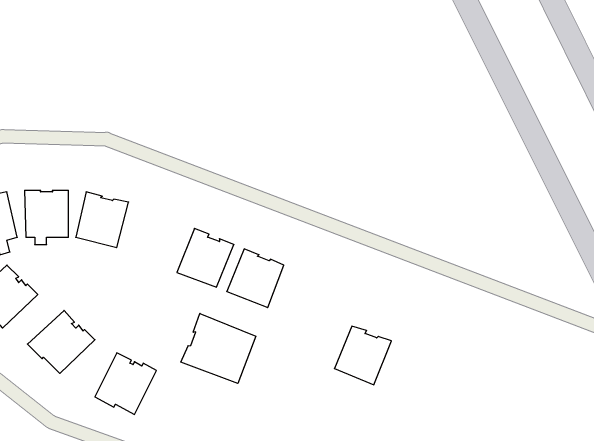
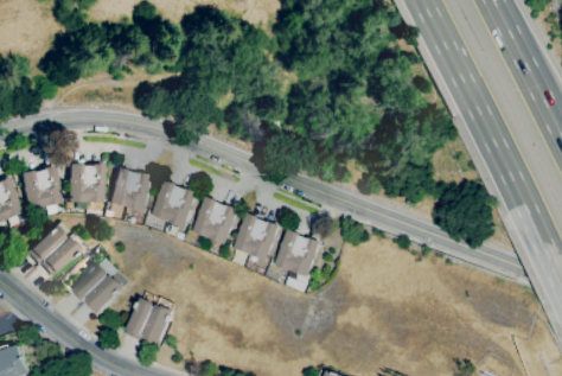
building: none -> [149,180,196,228]
building: [181,313,256,383] -> none
building: [334,326,391,385] -> [273,230,319,278]

